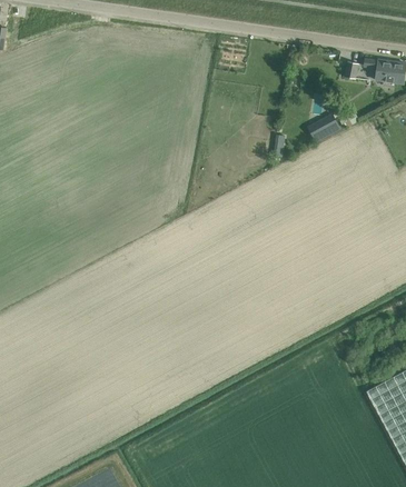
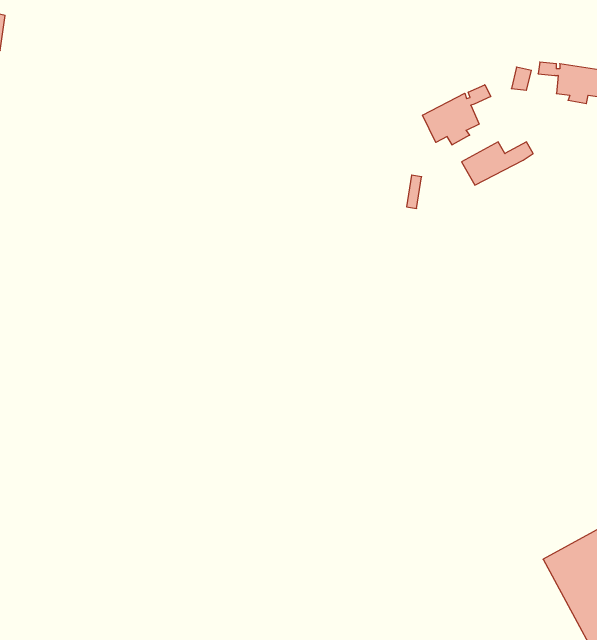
building: none -> [423,85,491,145]

